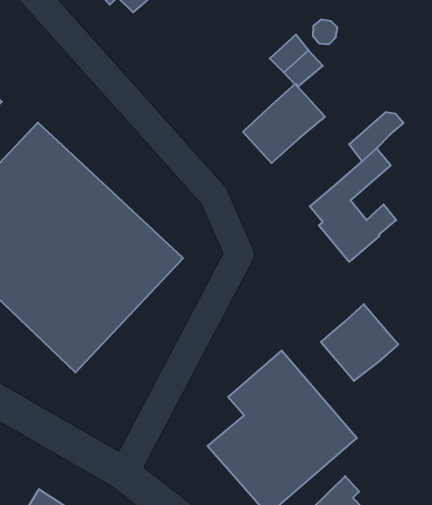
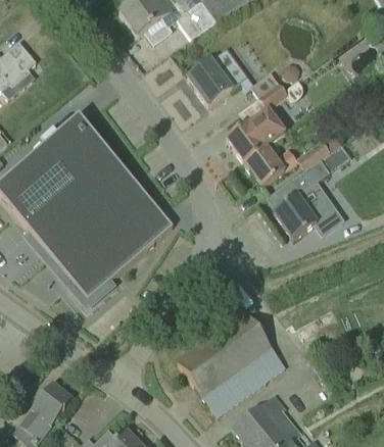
building: none -> [187,48,236,105]
building: none -> [244,146,297,187]
building: [321,304,398,381] -> none

